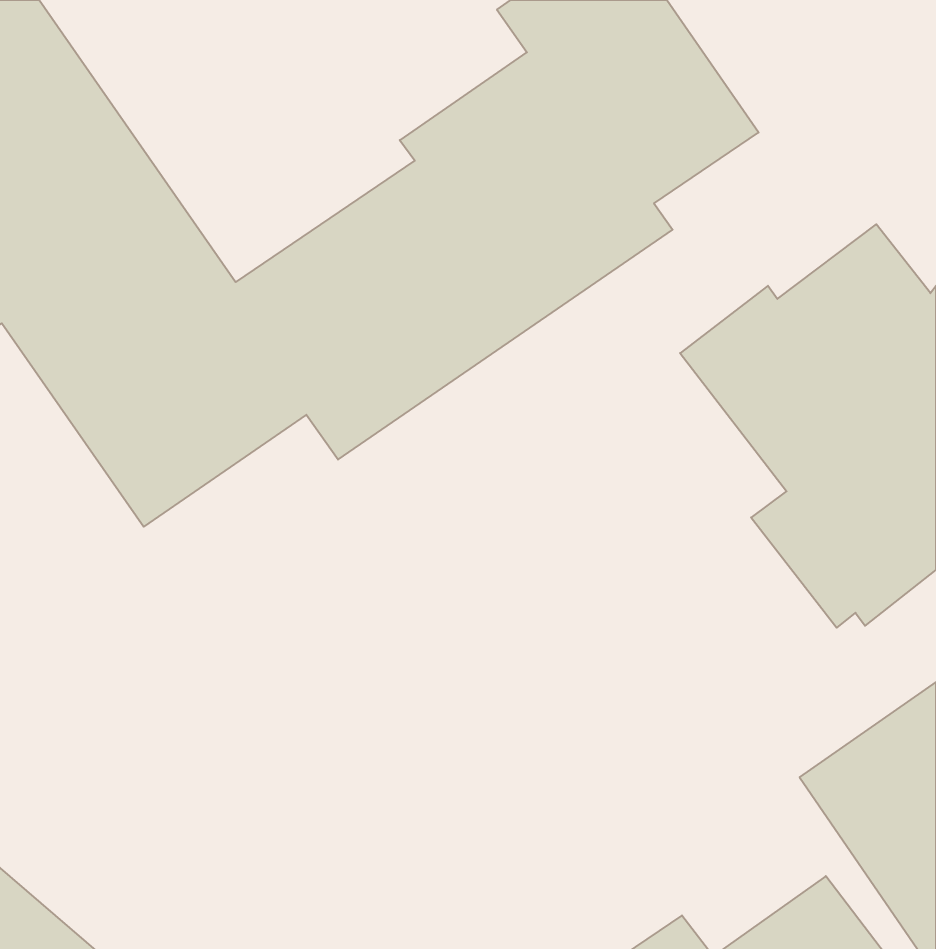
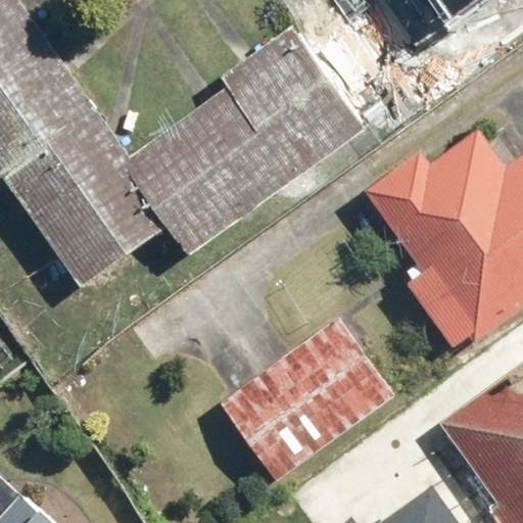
building: none -> [220,315,396,483]

